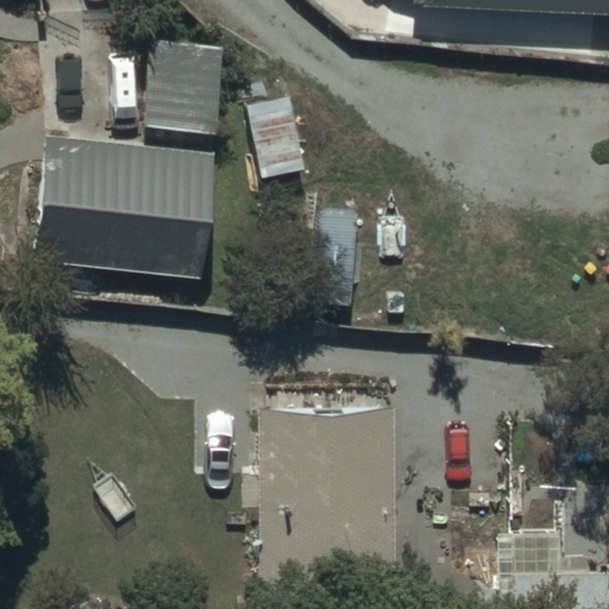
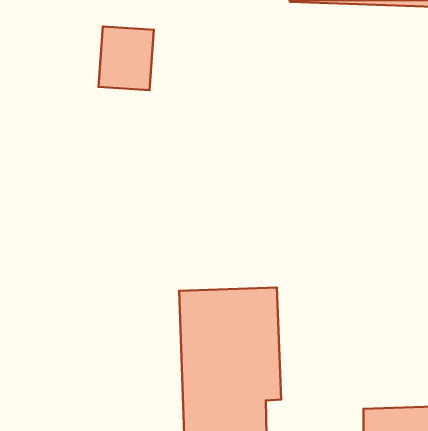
building: [33,136,214,277] -> none

